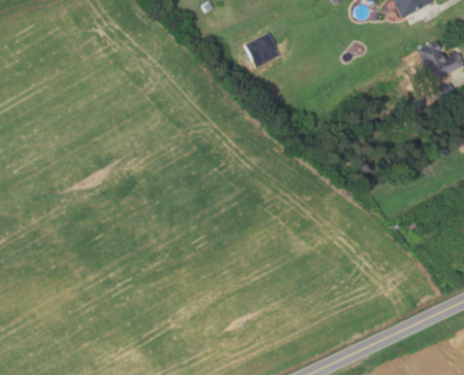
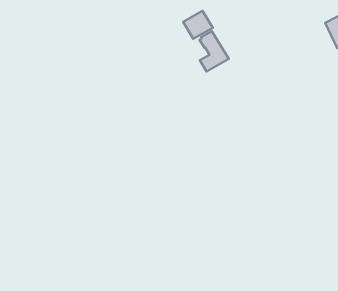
building: none -> [200,31,229,71]

